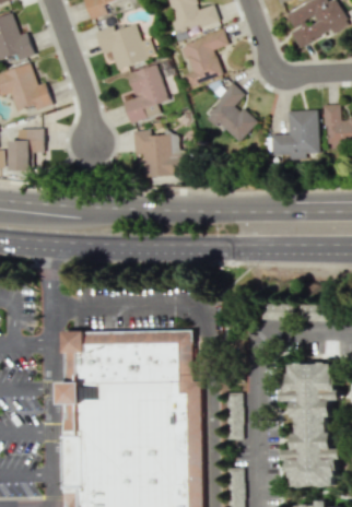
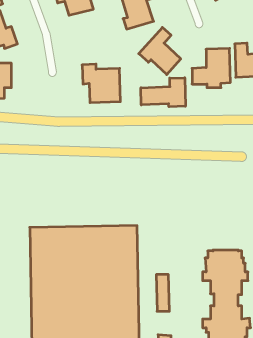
building: [122,63,167,122] -> none
building: none -> [141,78,185,107]

